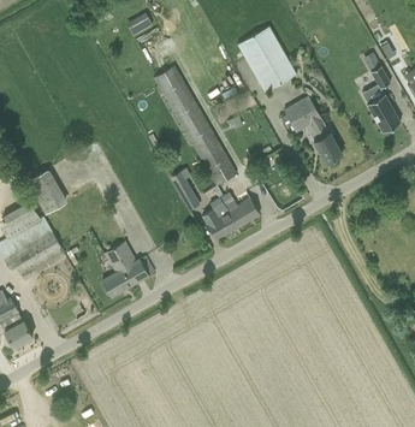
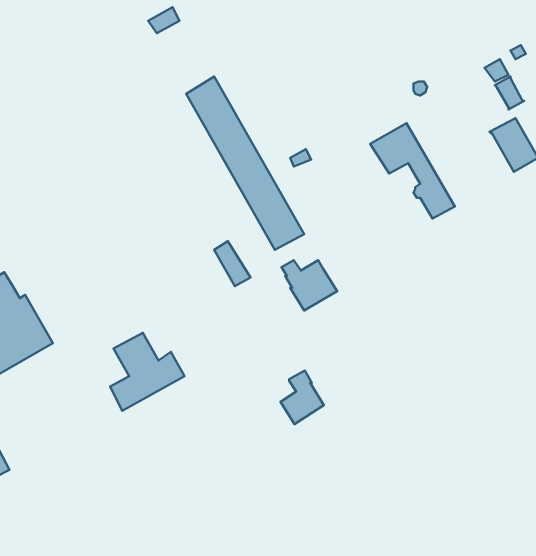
building: [236,26,295,93] -> none
building: [32,170,71,213] -> none
building: [207,203,237,241] -> [281,371,324,424]

